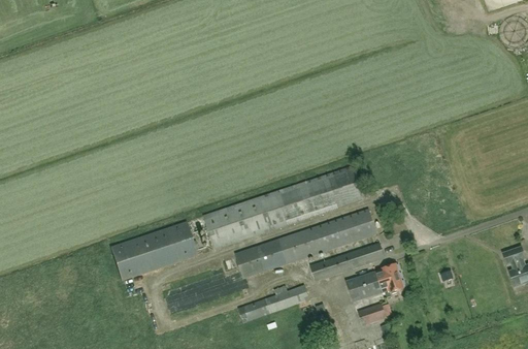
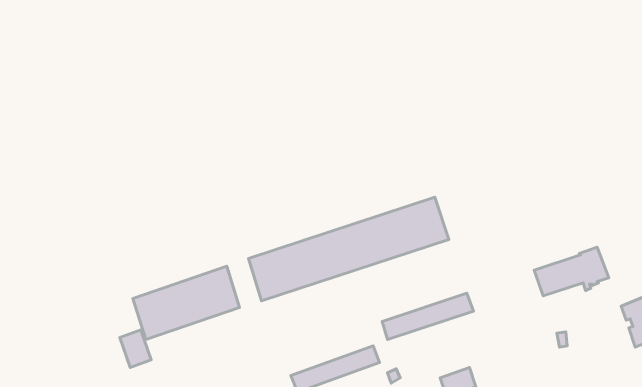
building: [236,209,376,278] -> none
building: [345,262,405,302] -> [534,247,609,296]
building: none -> [120,330,151,367]

